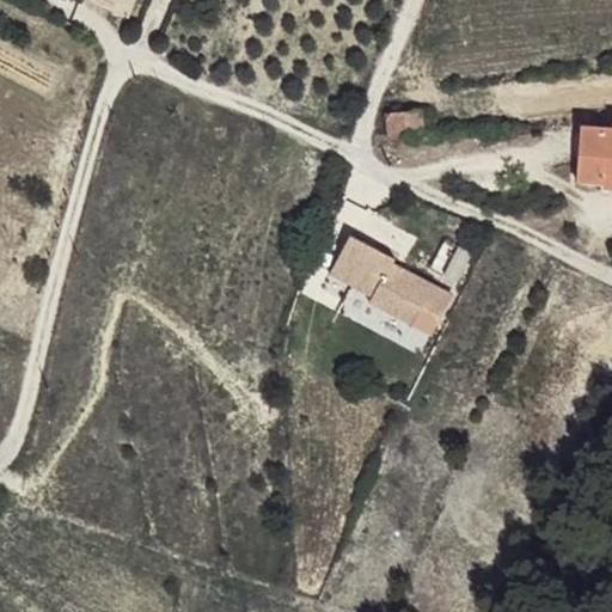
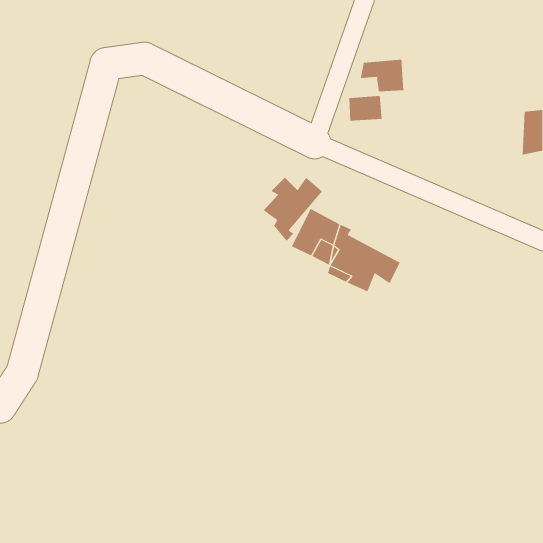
building: none -> [360,59,404,92]
building: none -> [263,177,323,241]

